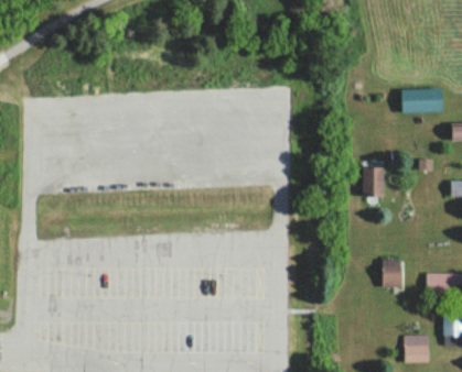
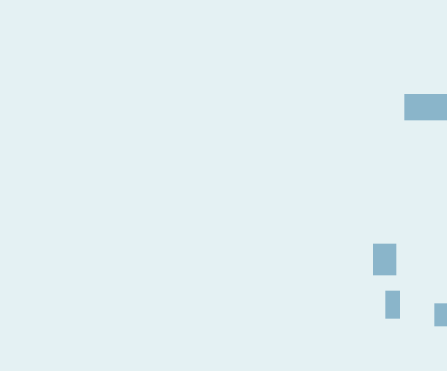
building: [362,169,384,198] -> [372,243,397,276]

